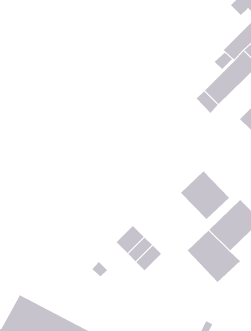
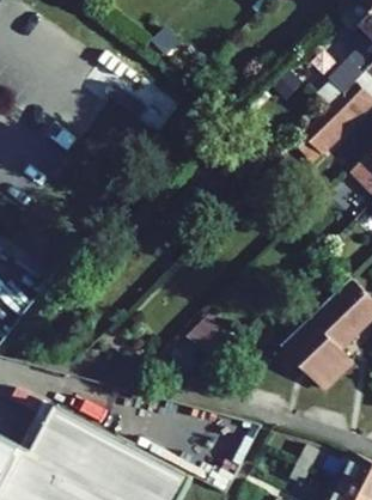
building: [180,171,230,220] -> none

